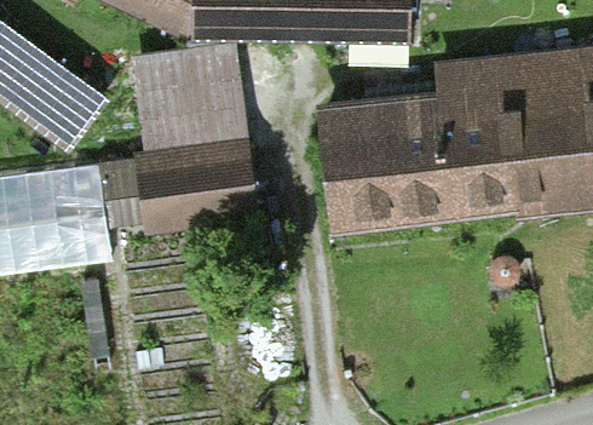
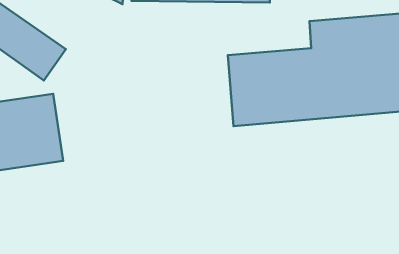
building: [142,50,251,195] -> none

